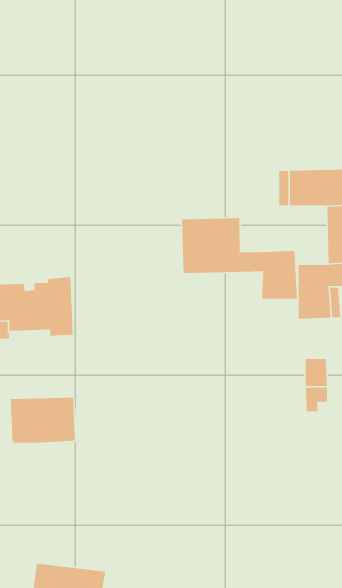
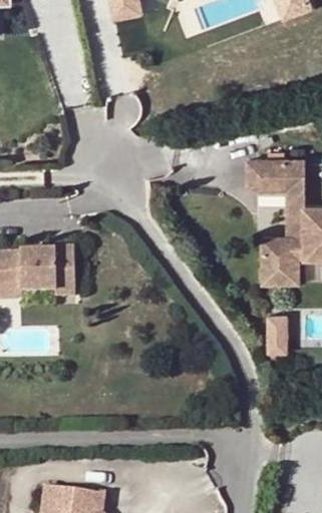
building: [181,217,298,299] -> none
building: [10,397,76,443] -> none

